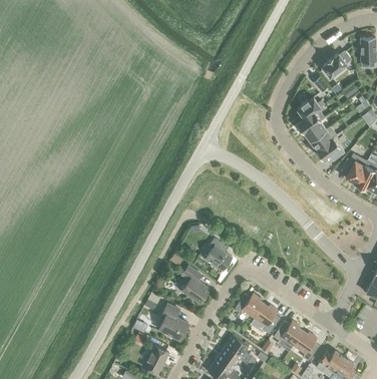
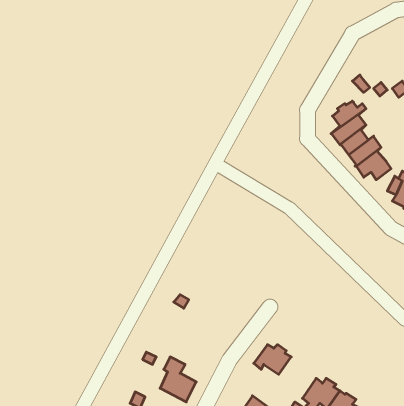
building: [321,51,350,77] -> none
building: [202,238,231,270] -> none
building: [181,266,209,303] -> none
building: [254,304,280,334] -> none

